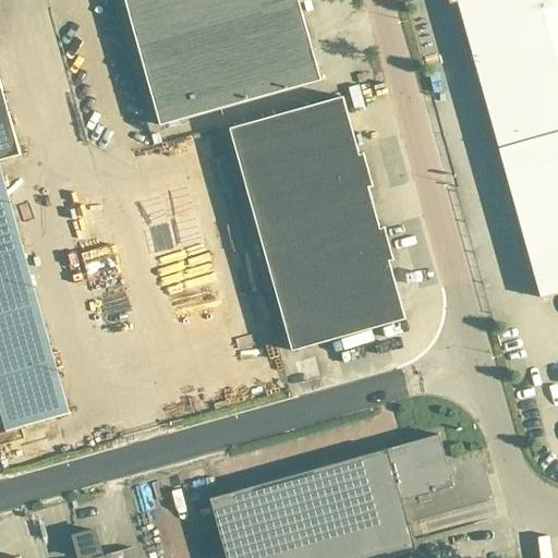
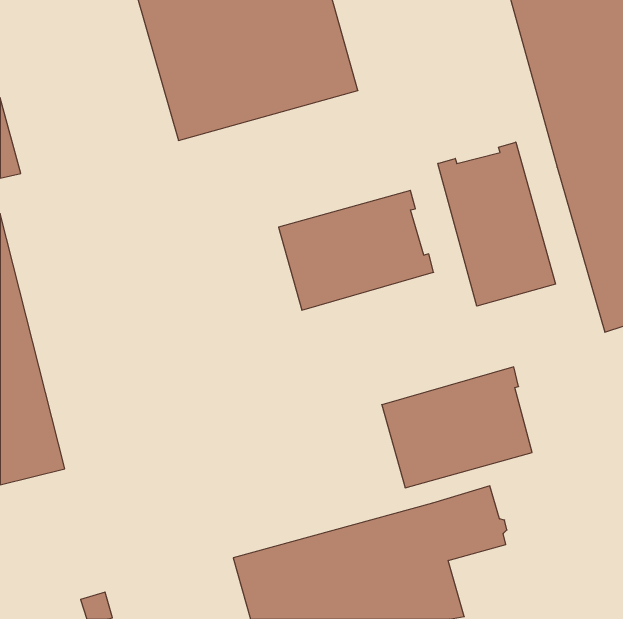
building: [229,96,367,203] -> none
building: none -> [438,142,556,306]
building: [270,243,404,351] -> [382,367,532,488]

